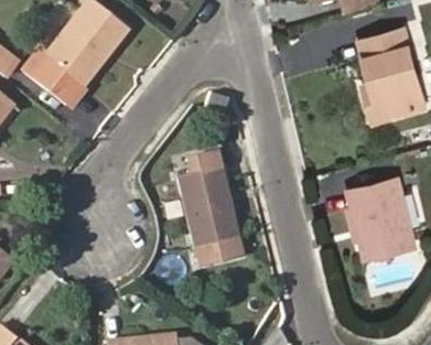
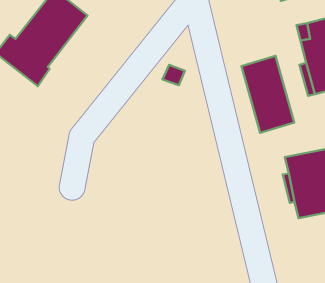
building: none -> [242,56,294,133]
building: [175,150,237,268] -> none

